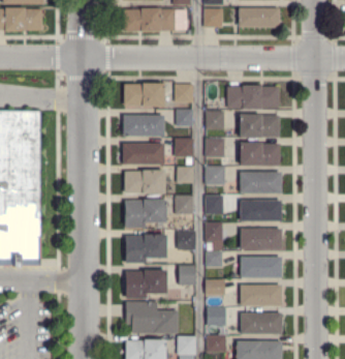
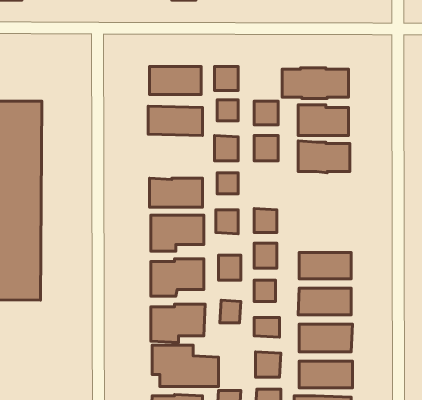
building: [123,143,164,164] -> none
building: [206,166,225,185] -> none
building: [240,172,281,193] -> none
building: [241,201,282,221] -> none

